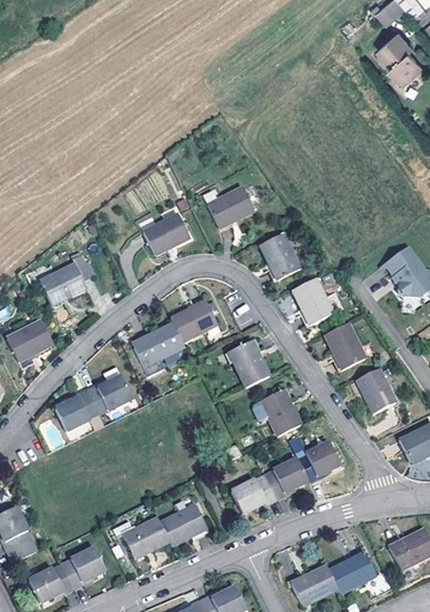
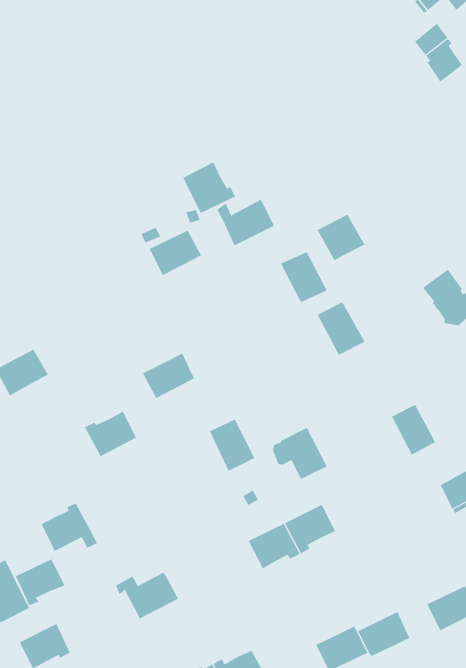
building: none -> [182,161,236,214]
building: none -> [317,214,365,261]
building: [40,253,93,304] -> none
building: [171,299,218,340] -> none
building: [325,322,367,369] -> none
building: [229,340,269,387] -> [209,419,255,472]
building: [55,388,105,431] -> [41,503,98,551]
building: [297,440,341,483] -> none
building: [159,502,208,545] -> none
building: [62,546,107,588] -> [15,559,65,606]

